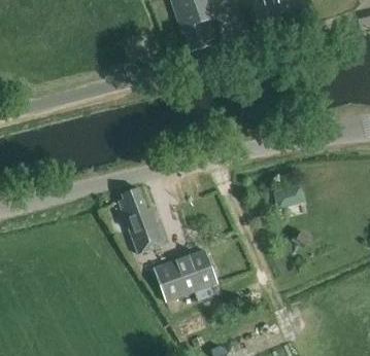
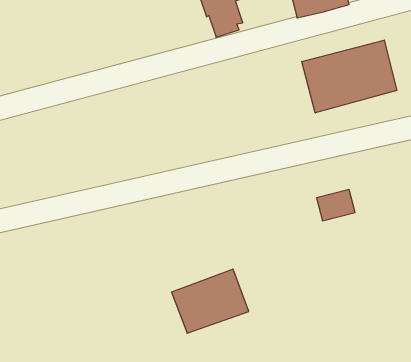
building: none -> [302,40,397,113]
building: [117,188,164,254] -> none

